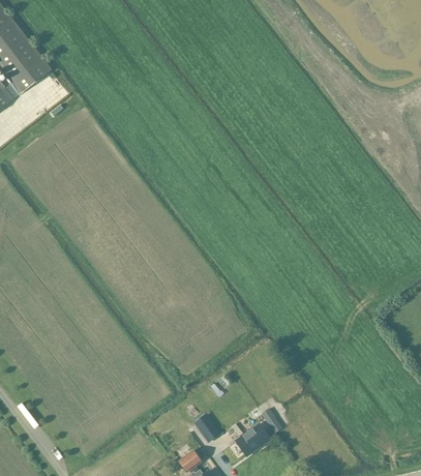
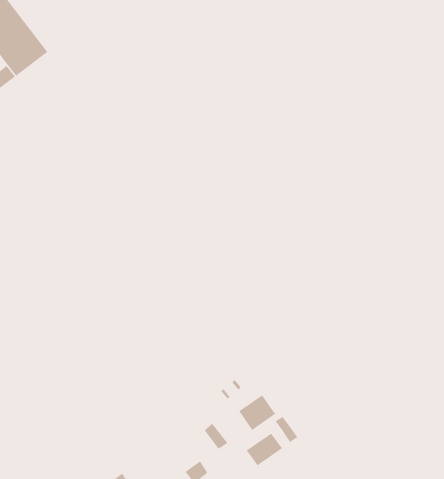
building: none -> [239,394,276,431]

